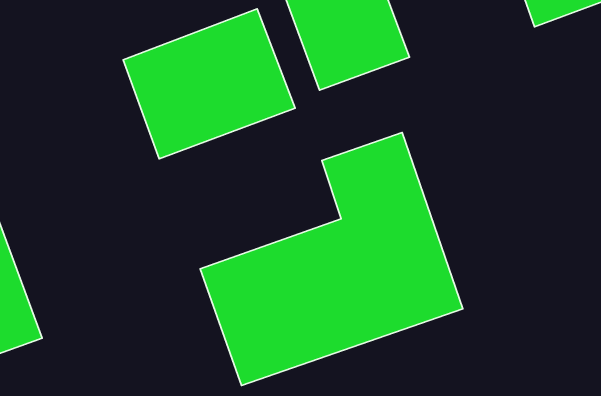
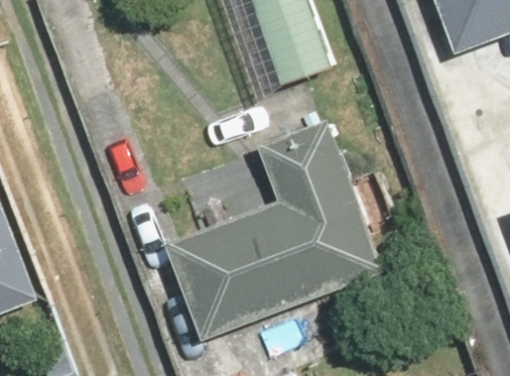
building: [123,9,295,159] -> none

